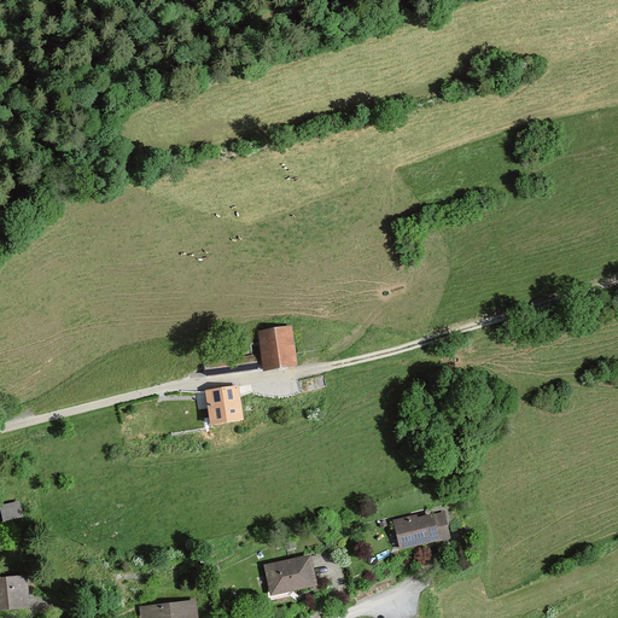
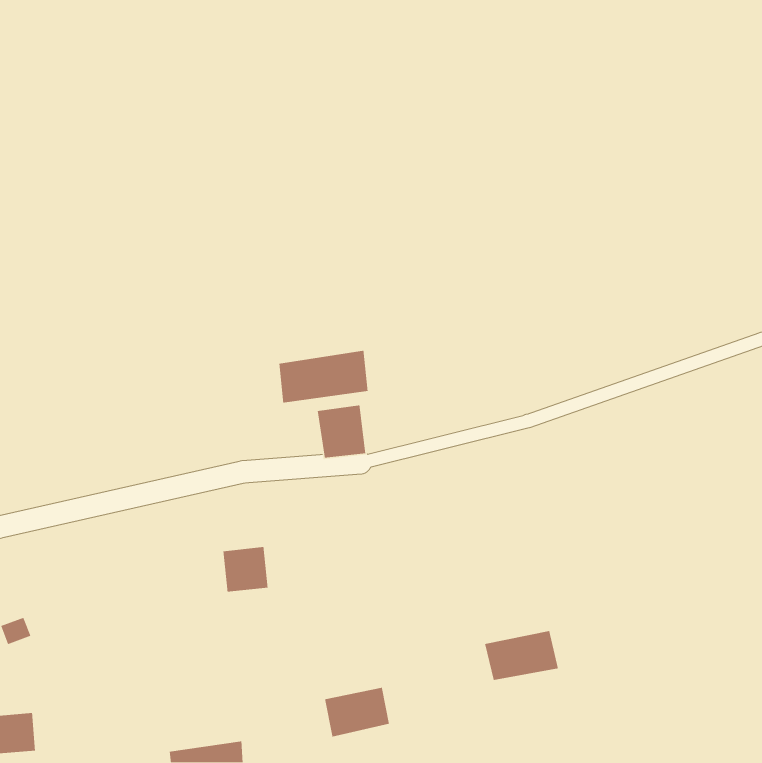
building: none -> [279,350,369,403]
building: [203,387,240,425] -> [222,546,269,593]

